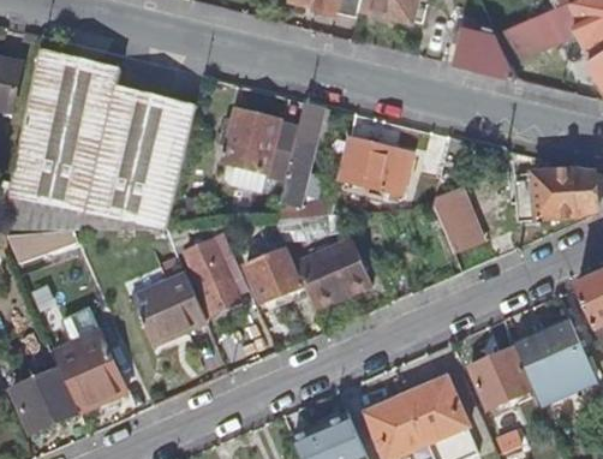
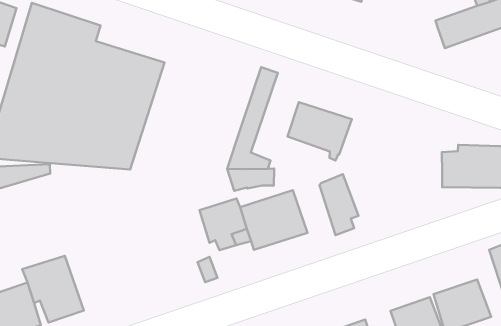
building: [452,29,518,78] -> none
building: [225,108,299,191] -> none
building: [432,191,479,261] -> [319,174,359,235]
building: [186,234,249,309] -> none
building: [132,281,209,351] -> none

